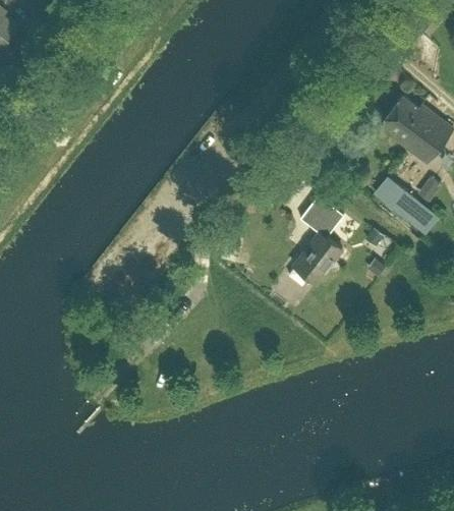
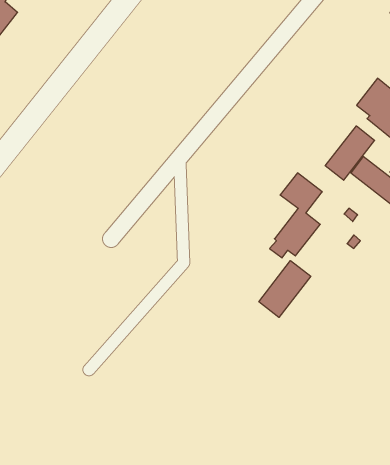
building: none -> [325,126,375,180]
building: none -> [259,261,311,317]

